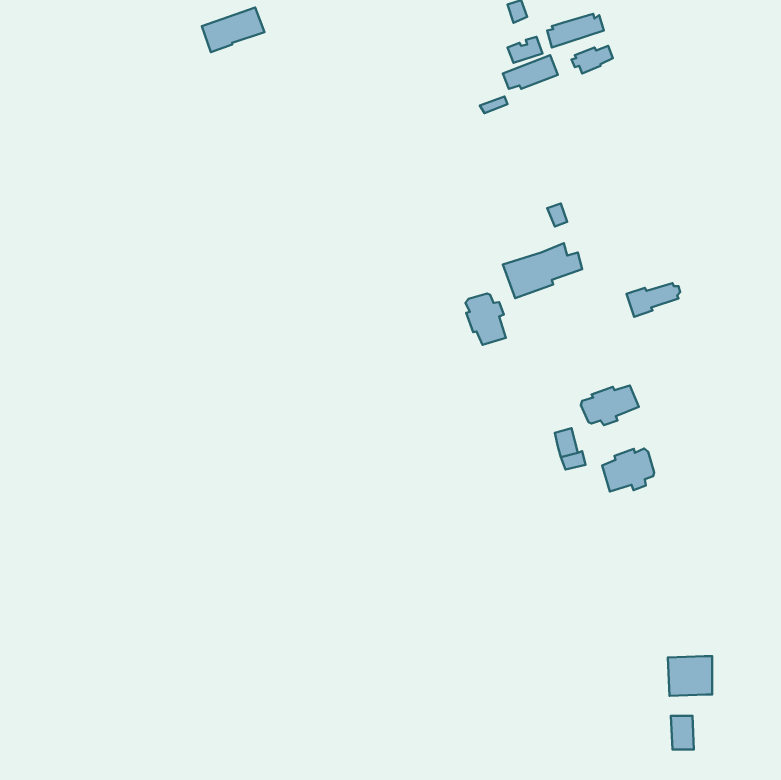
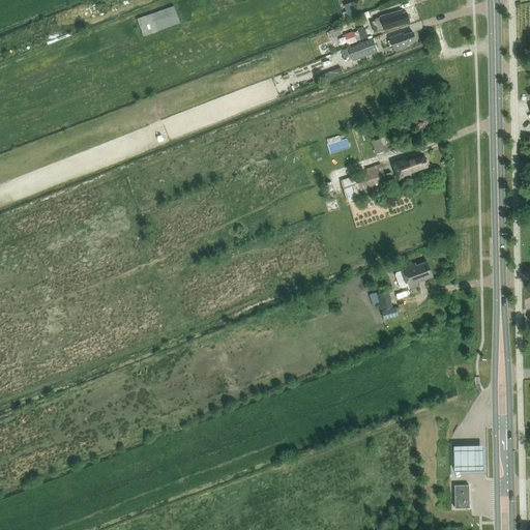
building: [627,283,680,317] -> [392,155,429,178]
building: [466,294,506,345] -> none
building: [602,449,654,492] -> none

